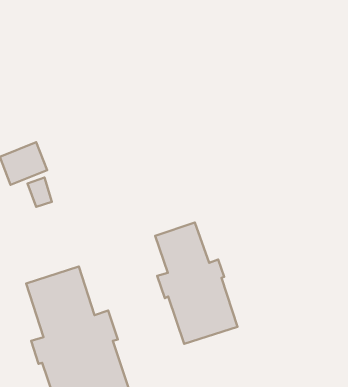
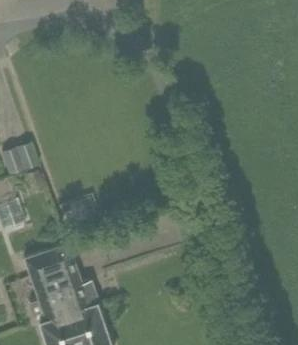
building: [155,222,238,344] -> none

